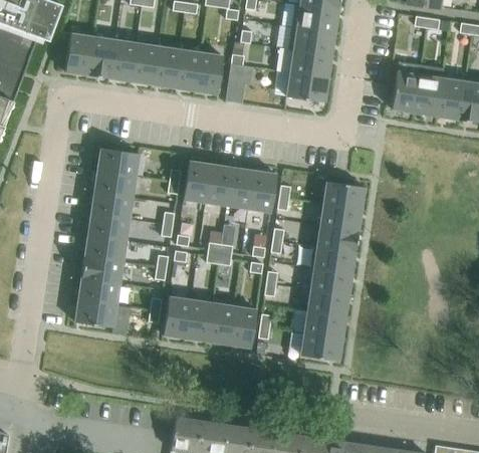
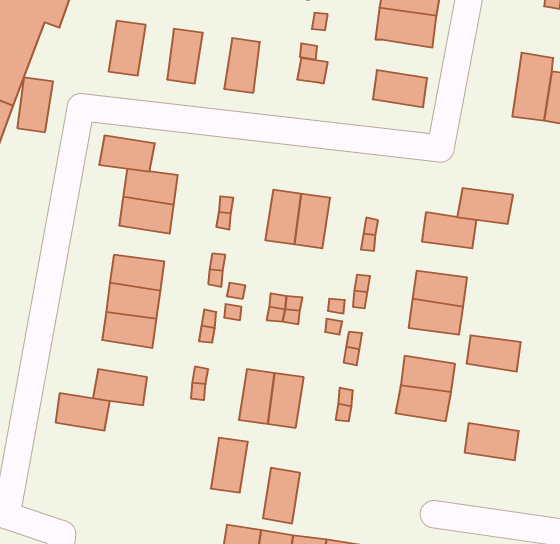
building: [65,33,92,74] -> [17,78,53,132]
building: [108,39,136,80] -> none
building: [152,45,180,87] -> none
building: [276,47,331,79] -> none
building: [196,52,223,93] -> none
building: [183,161,211,202] -> none
building: [248,170,276,212] -> none
building: [90,191,133,218] -> [99,136,155,171]
building: [319,203,362,230] -> [457,188,513,224]
building: [310,268,351,295] -> [466,335,521,371]
building: [78,277,119,305] -> [56,393,110,430]
building: [163,296,191,337] -> [211,438,248,492]
building: [228,305,256,348] -> [263,468,300,524]
building: [300,332,341,361] -> [465,423,519,460]

